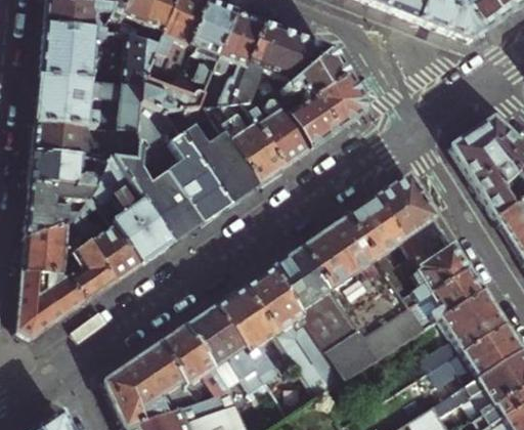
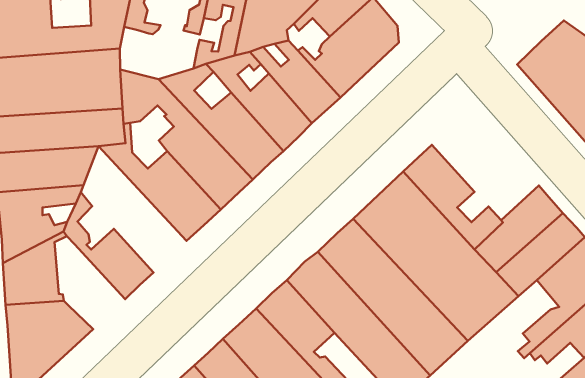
building: [141,68,204,113] -> none
building: [95,158,172,263] -> none
building: [376,174,454,265] -> none
building: [72,231,117,300] -> none

